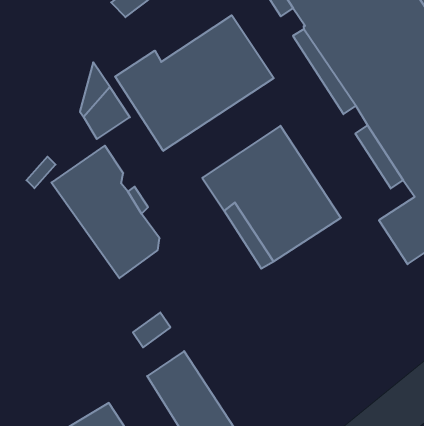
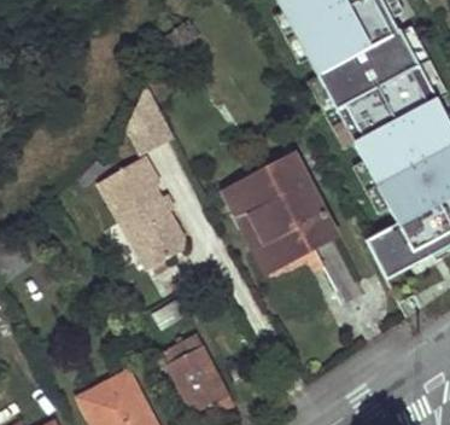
building: [115,15,274,151] -> none

